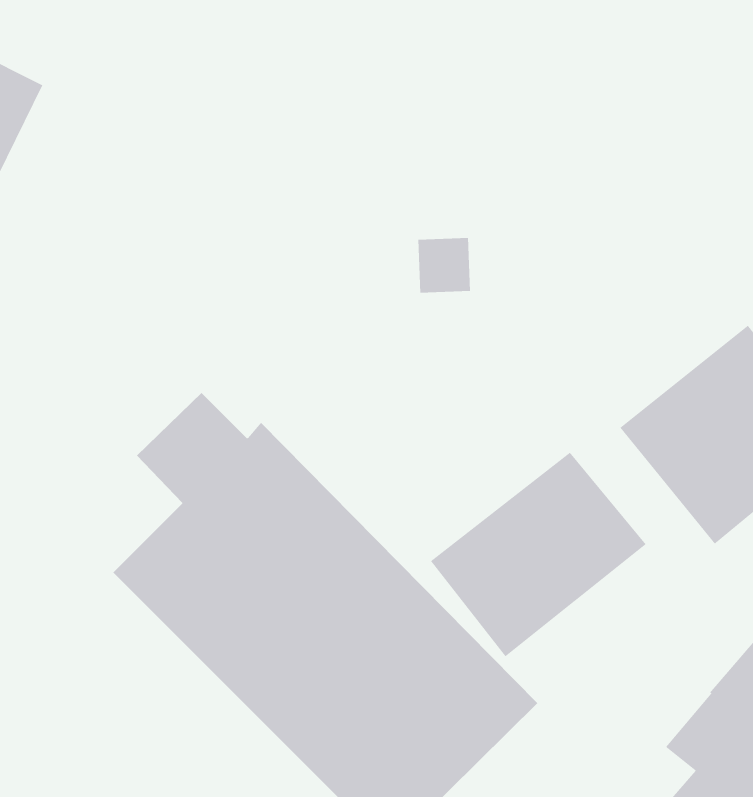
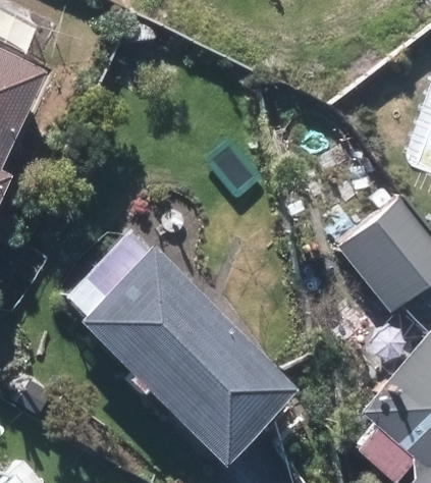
building: [430,452,647,657] -> none

